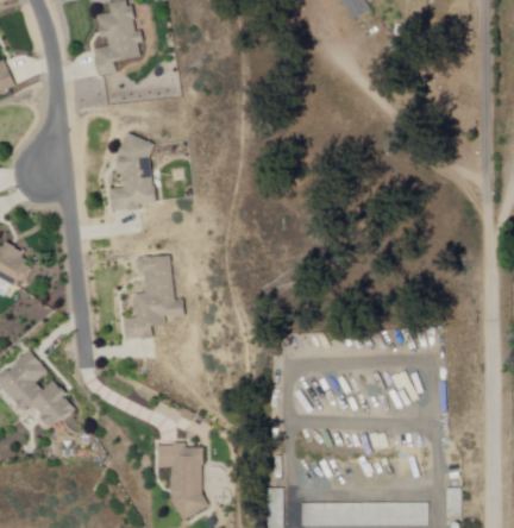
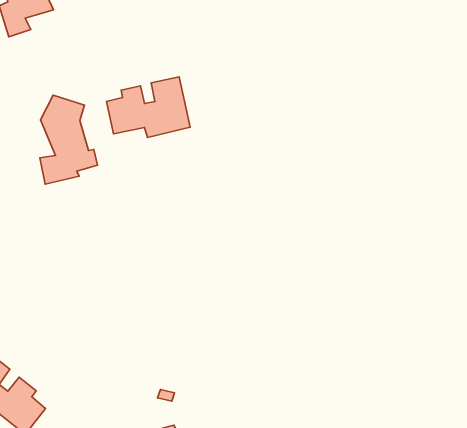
building: none -> [107,77,190,138]
building: [121,257,182,339] -> none

